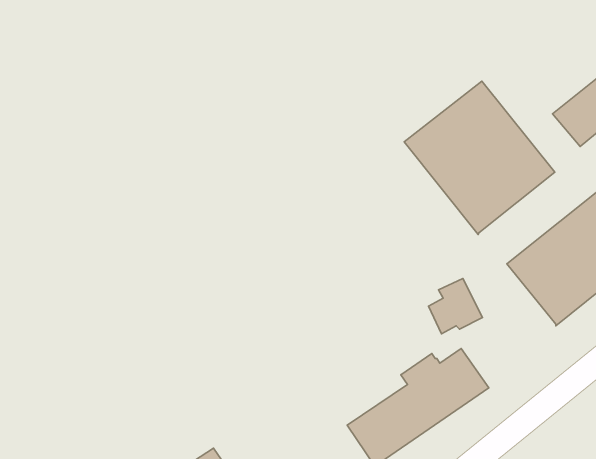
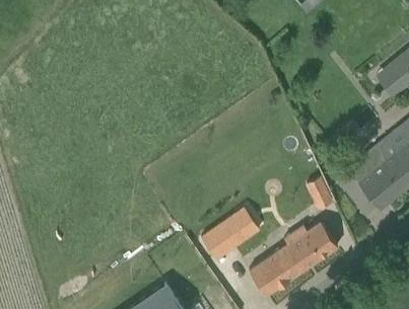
building: [404,81,555,234] -> none
building: none -> [194,207,260,262]

